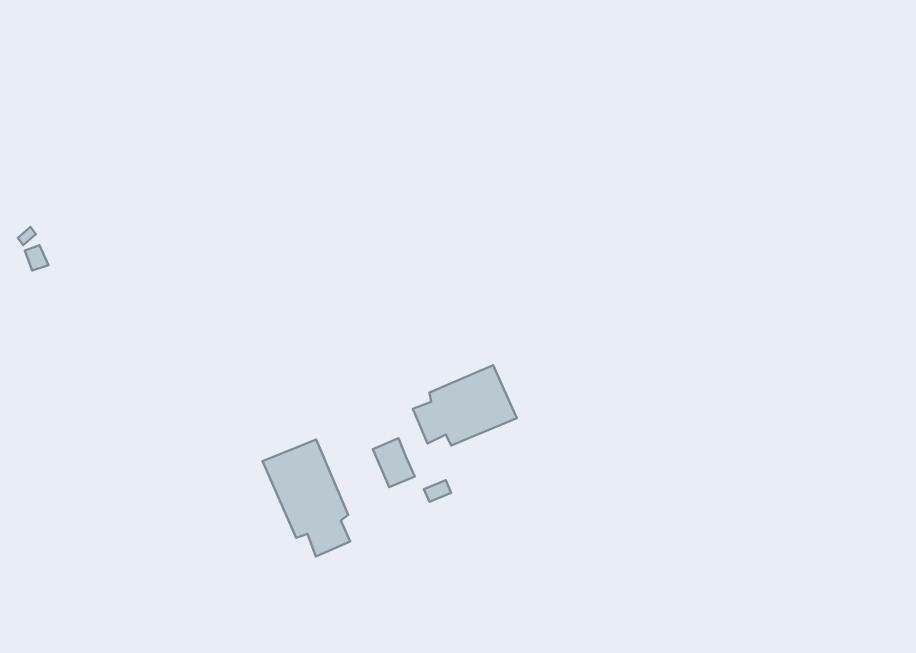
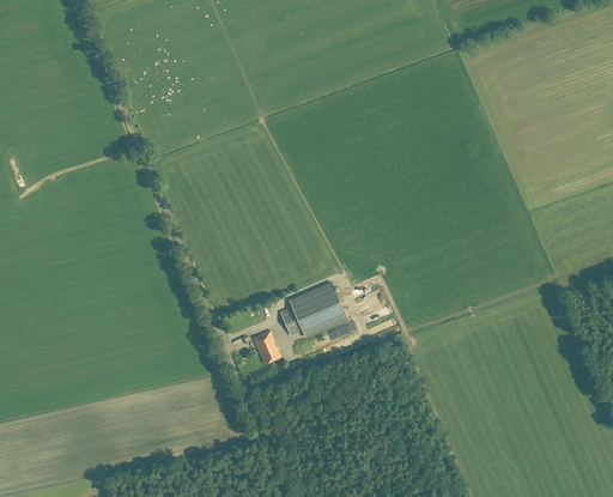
building: [262,440,350,556] -> none

